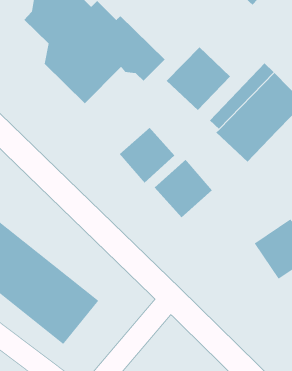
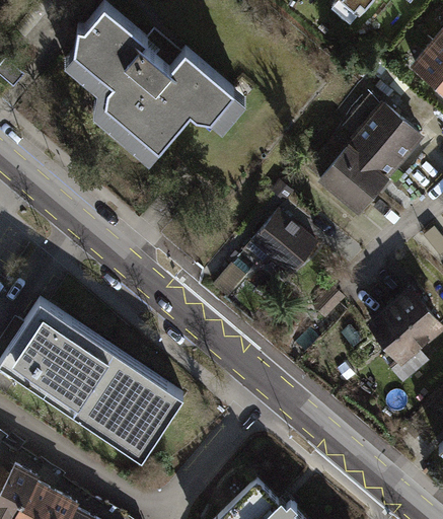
building: [166,46,231,111] -> none
building: [119,127,175,183] -> none

